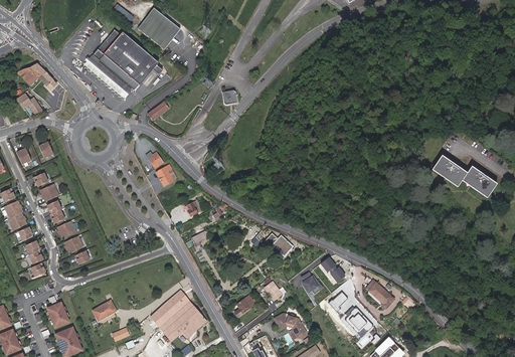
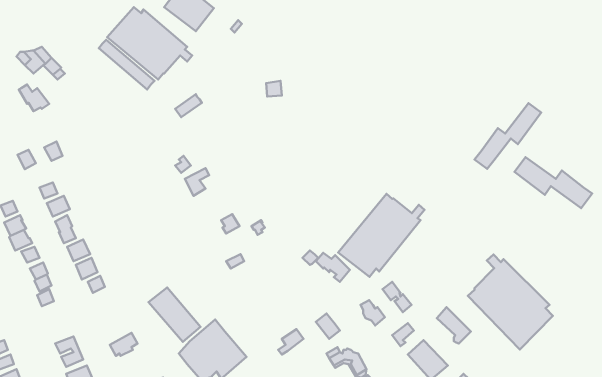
building: none -> [475,103,541,169]
building: none -> [338,194,425,277]
building: none -> [468,254,553,350]
building: none -> [148,287,200,342]

